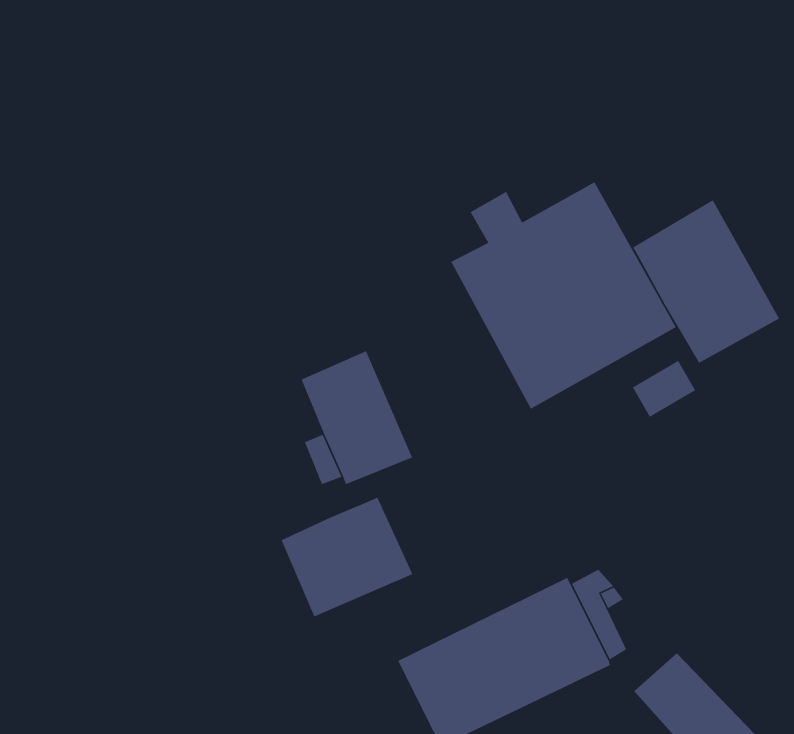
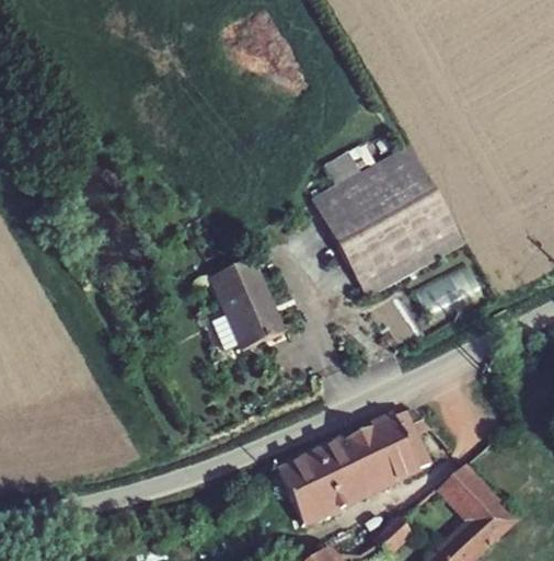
building: [632,199,780,364] -> none
building: [281,497,413,618] -> none

